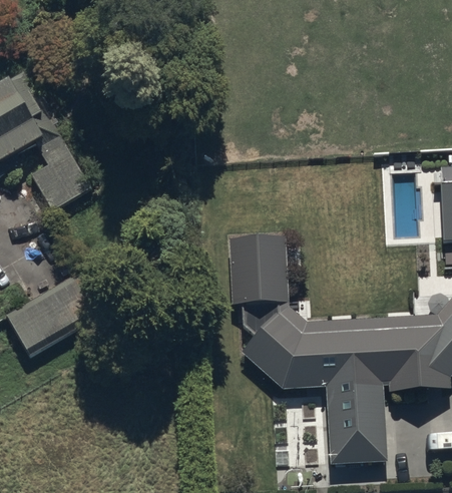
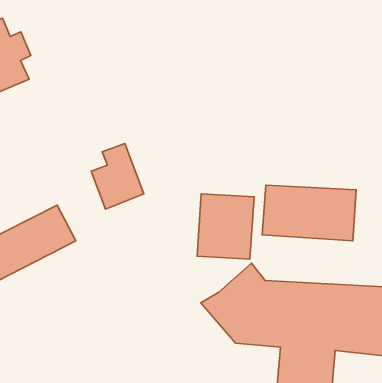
building: [32,140,88,209] -> [91,143,144,209]
building: none -> [262,185,356,241]

